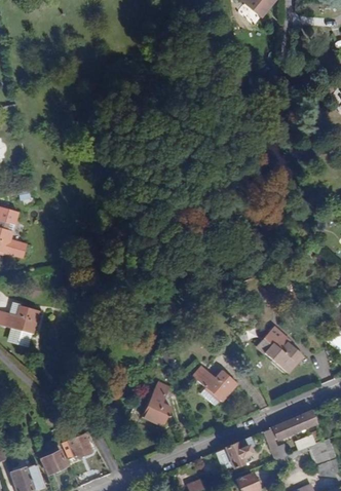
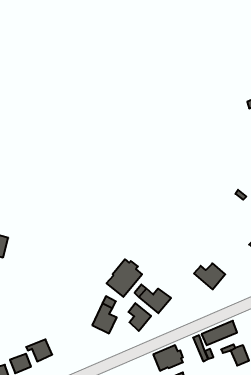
building: [255,325,287,352] -> none
building: none -> [107,259,142,297]
building: none -> [128,303,151,331]

